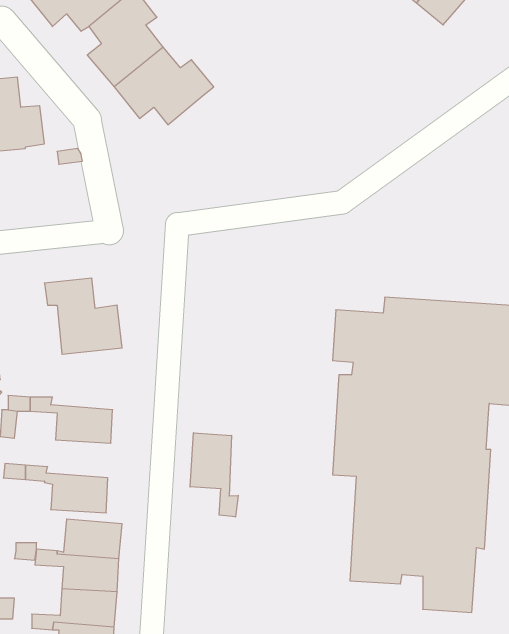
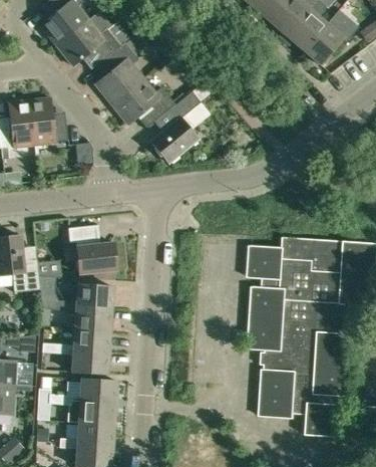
building: none -> [150,77,217,162]
building: none -> [71,283,112,308]
building: [190,433,238,517] -> none
building: none -> [68,327,109,352]

